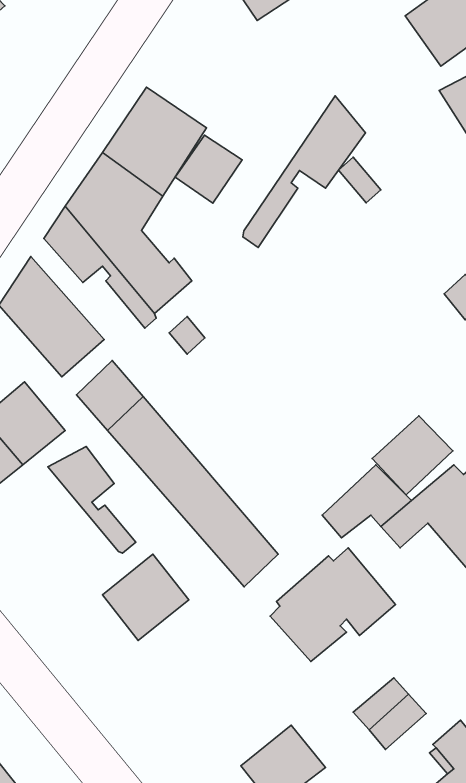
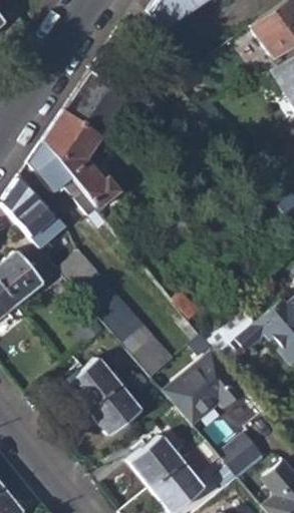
building: [243,96,366,247] -> none
building: [175,135,242,203] -> none
building: [372,416,453,495] -> none
building: [48,446,136,553] -> none
building: none -> [87,386,139,436]
building: none -> [129,436,182,488]

